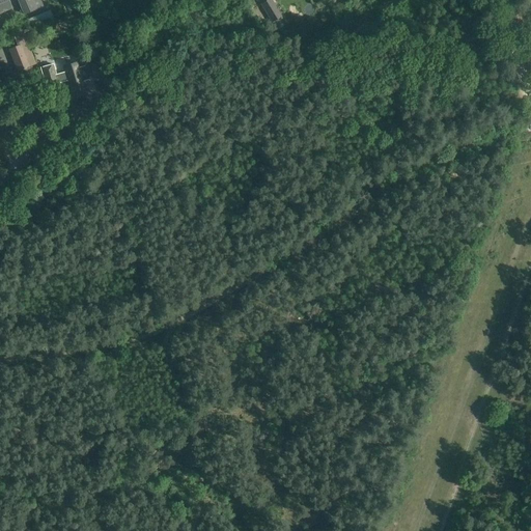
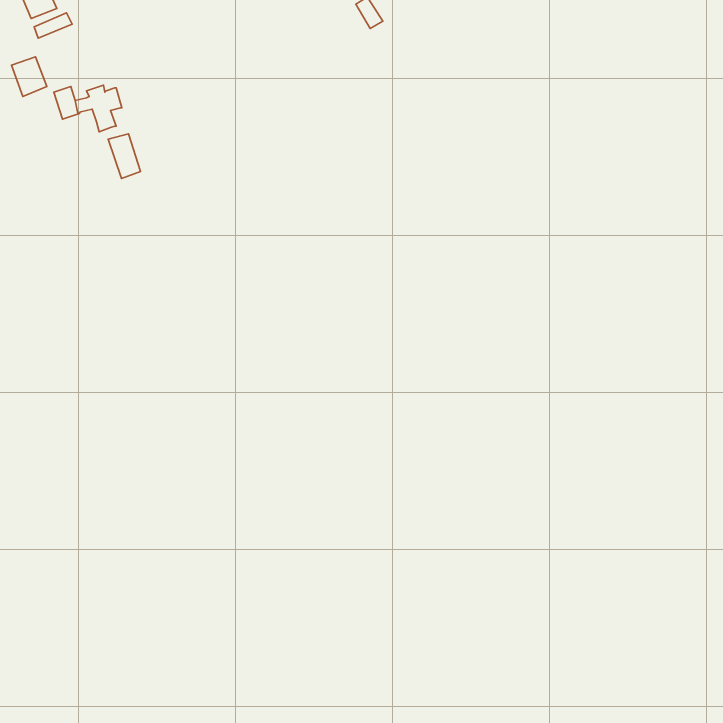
building: none -> [108,134,141,178]

